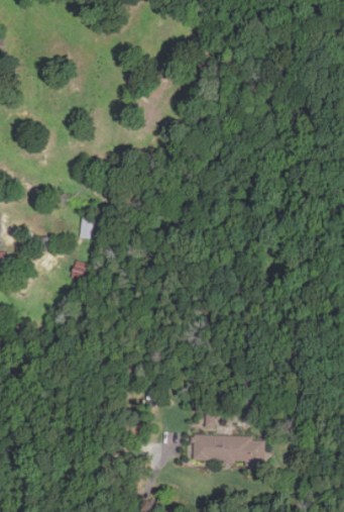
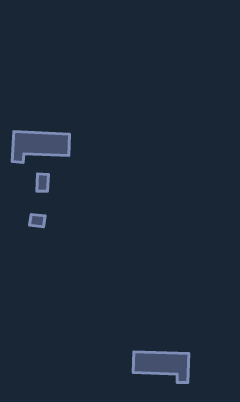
building: none -> [12,131,70,162]

